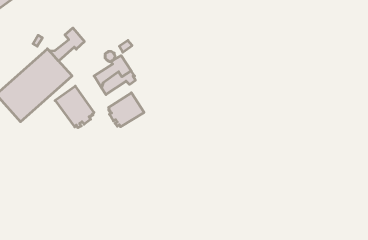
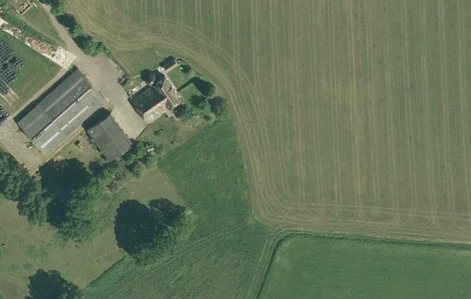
building: [50,28,84,61] -> none
building: [109,93,144,127] -> none

